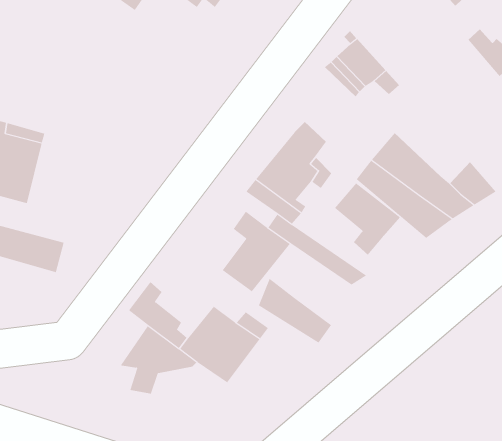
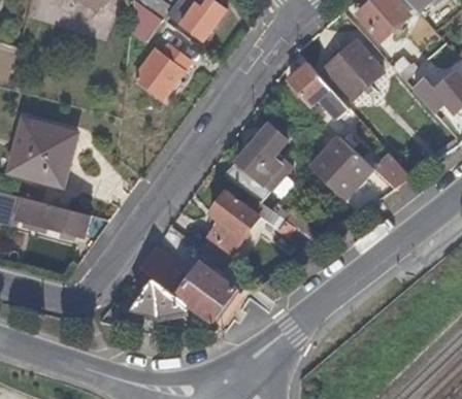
building: none -> [326,39,383,98]
building: none -> [134,49,187,98]
building: [334,182,401,256] -> none
building: [258,278,332,344] -> none

